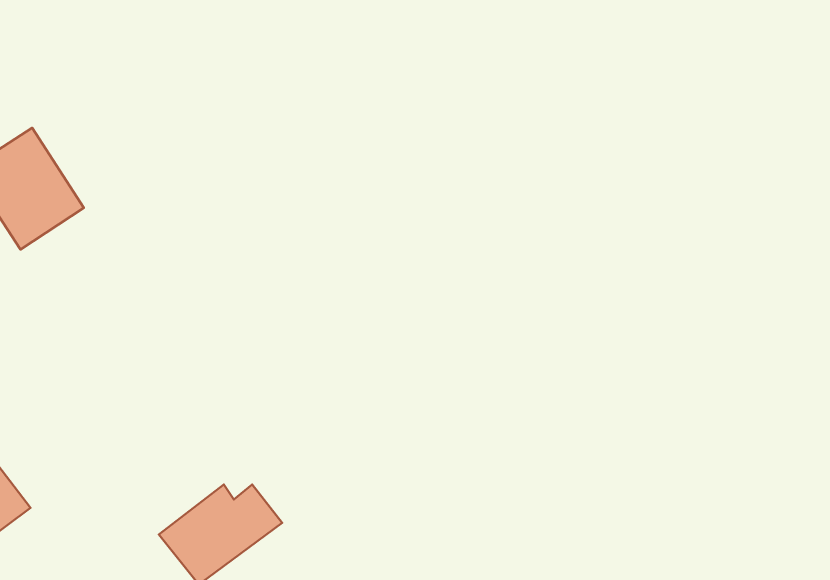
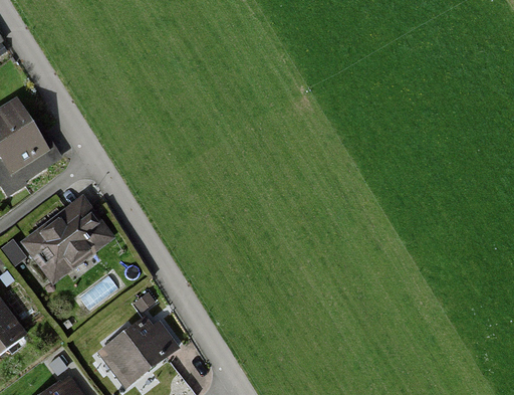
building: none -> [28,207,101,275]

